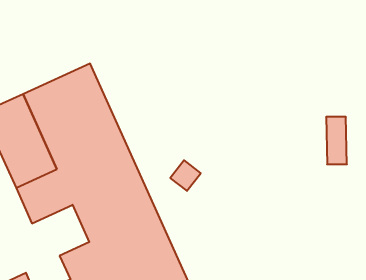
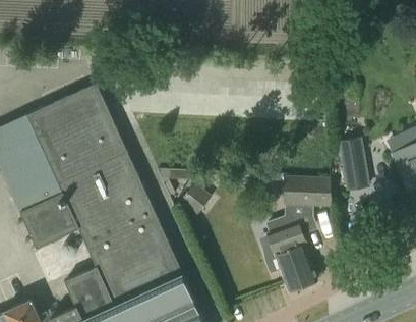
building: none -> [285,178,332,207]
building: none -> [268,216,317,292]

